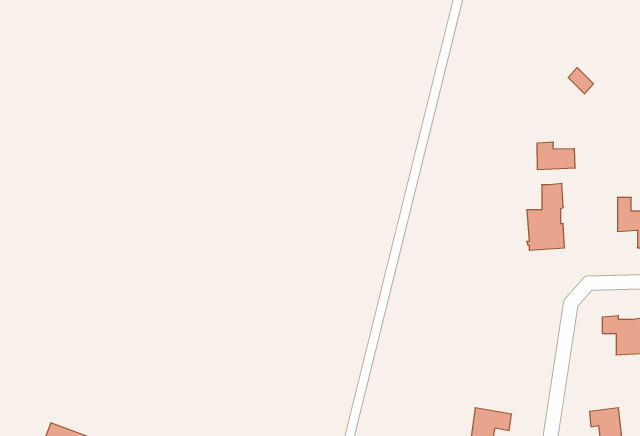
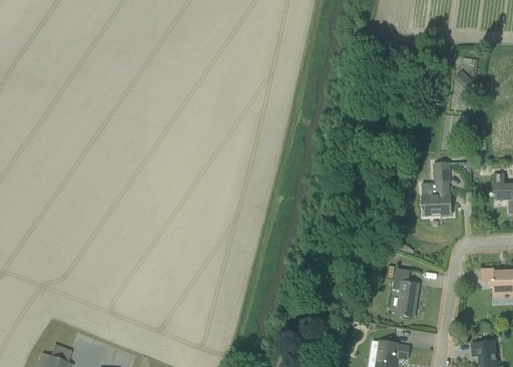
building: [537,142,575,170] -> none
building: none -> [393,268,419,316]

